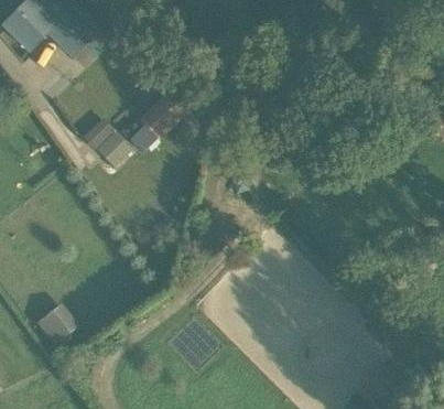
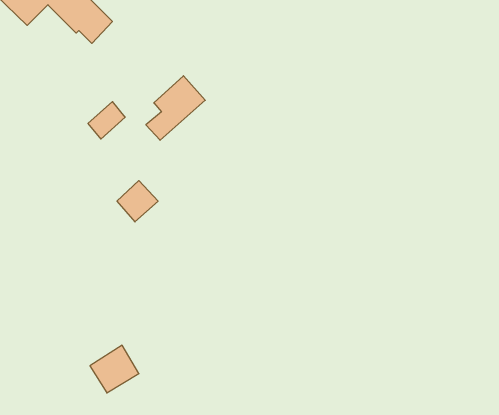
building: [97,131,132,166] -> [117,181,158,222]
building: [40,300,82,341] -> [90,345,139,393]

